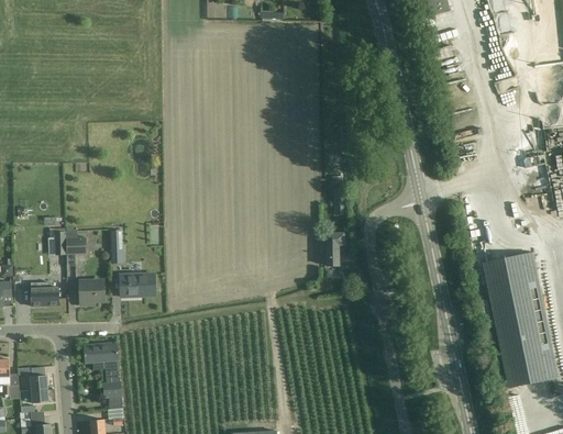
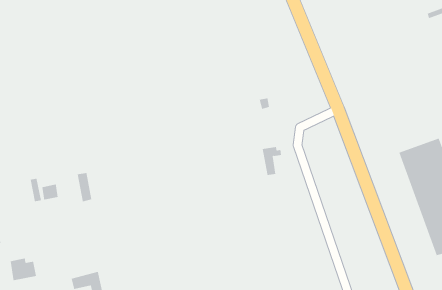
building: [119,272,155,297] -> none
building: [79,279,104,305] -> none
building: [31,281,59,305] -> [10,258,37,281]

